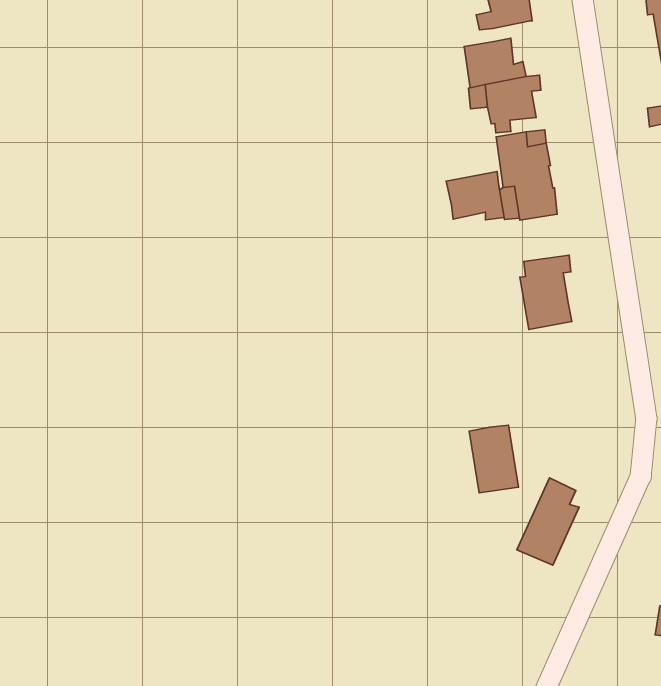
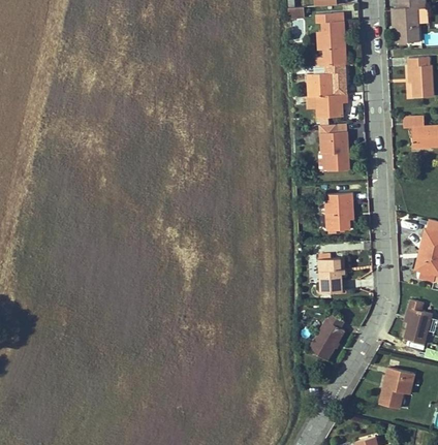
building: none -> [323,64,346,94]
building: [446,172,504,220] -> none
building: [469,425,519,493] -> [318,258,342,293]

